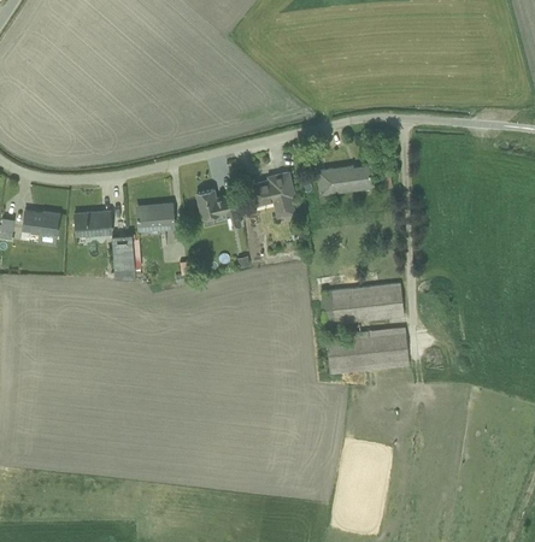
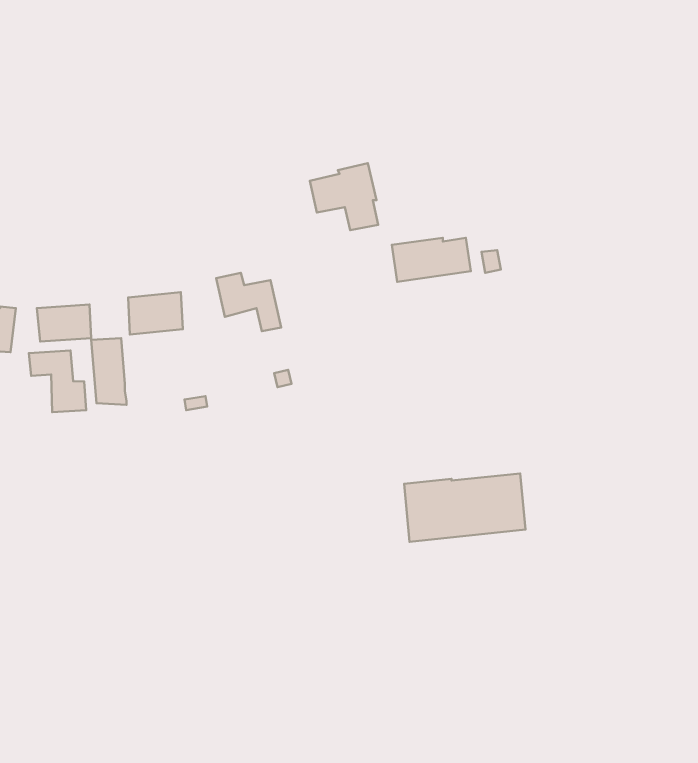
building: [248,172,295,218] -> [310,163,378,230]
building: none -> [29,350,86,412]
building: [321,282,402,325] -> none

